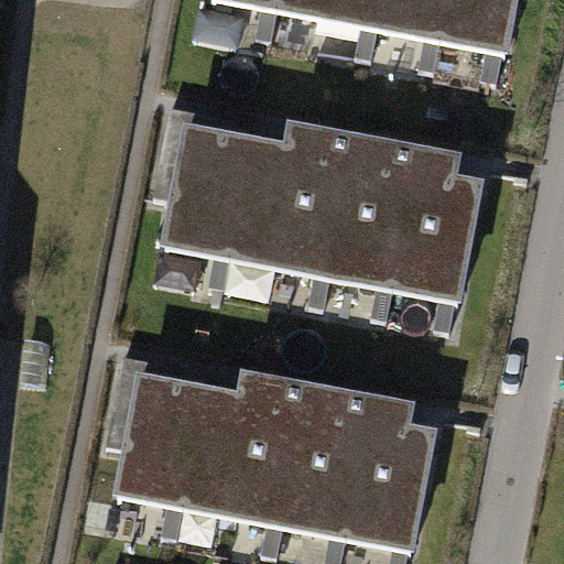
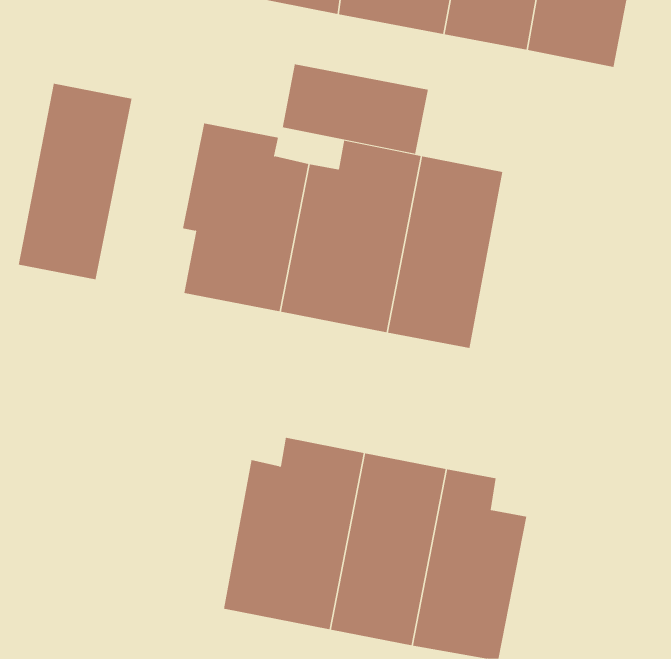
building: none -> [282,63,428,154]
building: none -> [18,83,132,280]
building: [392,143,488,304] -> none
building: [104,354,209,508] -> none

